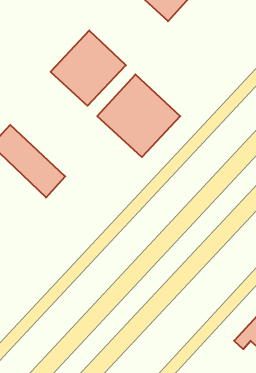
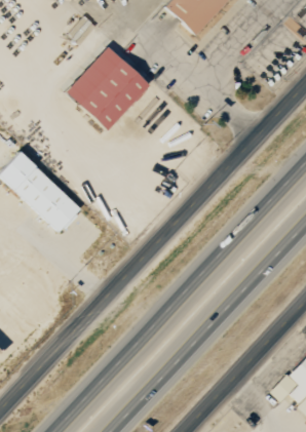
building: [97,74,180,157] -> none

